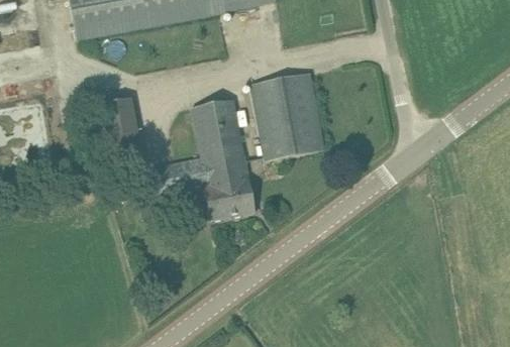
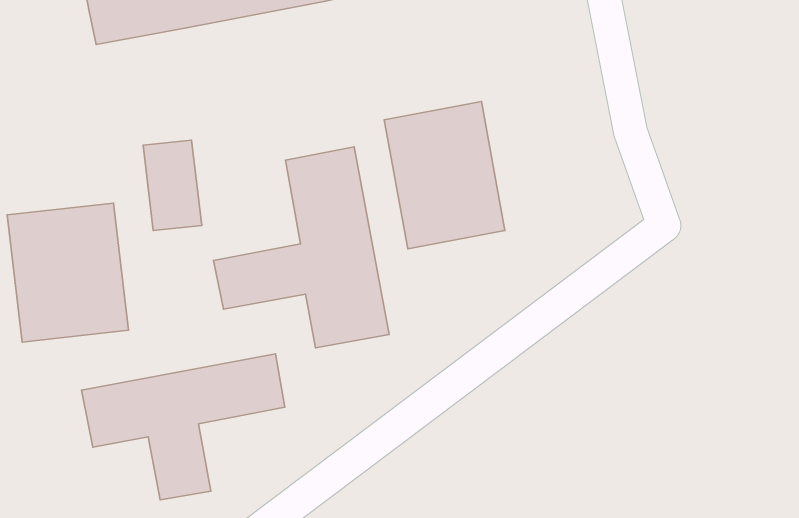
building: none -> [7,203,128,342]
building: none -> [82,354,285,500]

